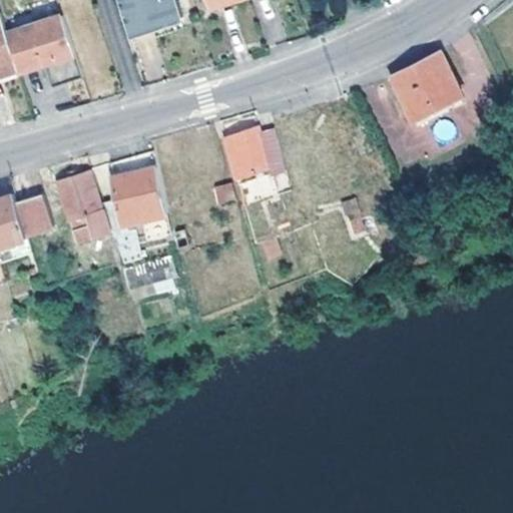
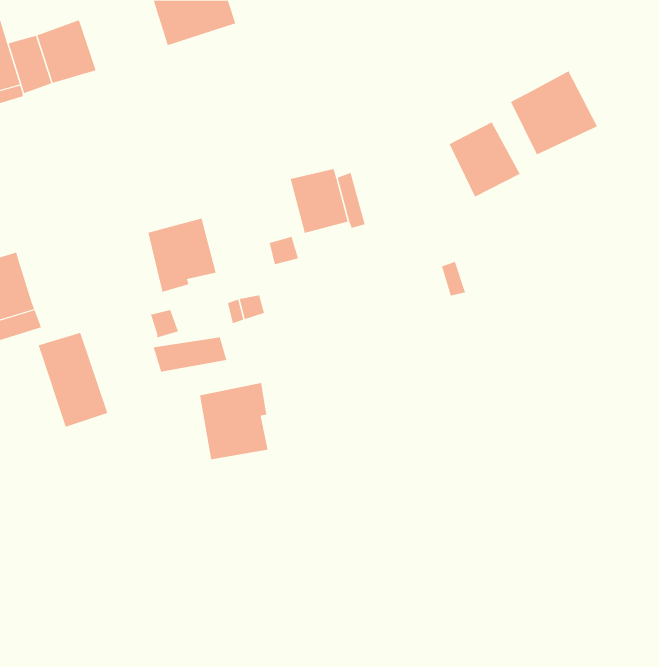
building: none -> [449,121,520,197]
building: [55,170,109,243] -> [38,332,108,428]
building: [15,191,52,232] -> none
building: none -> [199,382,268,460]

